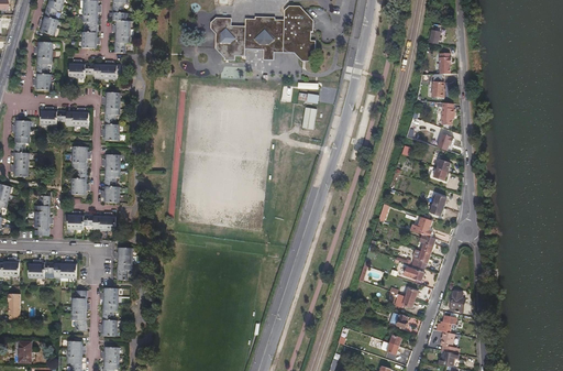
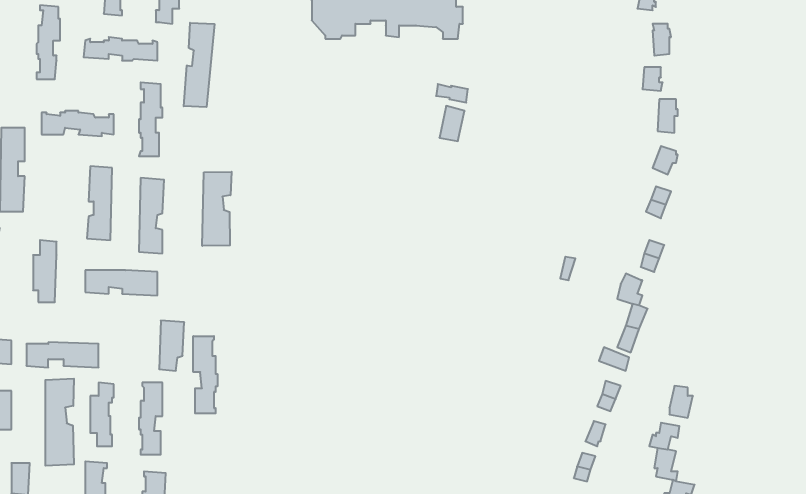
building: none -> [184,23,214,107]
building: none -> [202,172,232,246]
building: none -> [193,336,217,413]
building: none -> [45,379,74,466]

